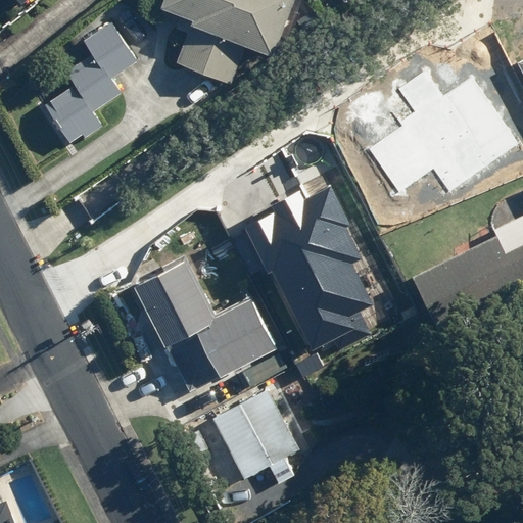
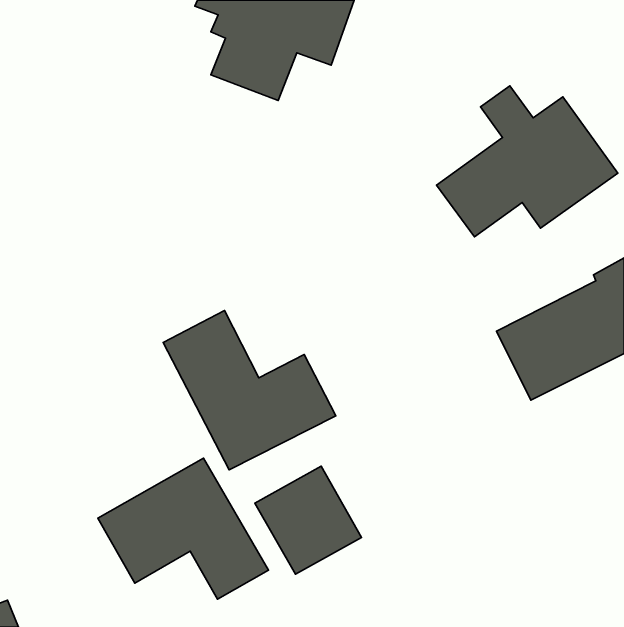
building: [46,21,138,141] -> none
building: [238,188,371,363] -> none
building: none -> [98,458,268,599]

